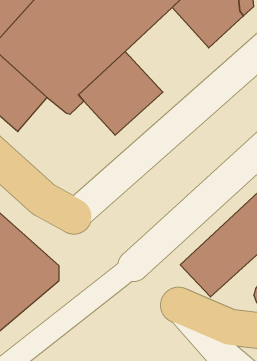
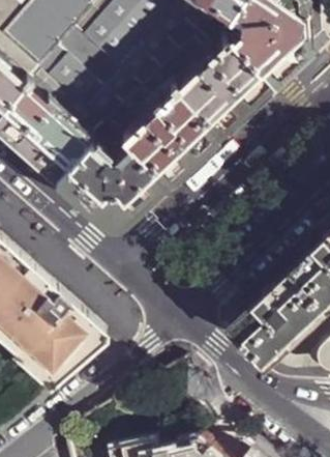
building: none -> [171,31,265,126]
building: none -> [50,133,159,217]

